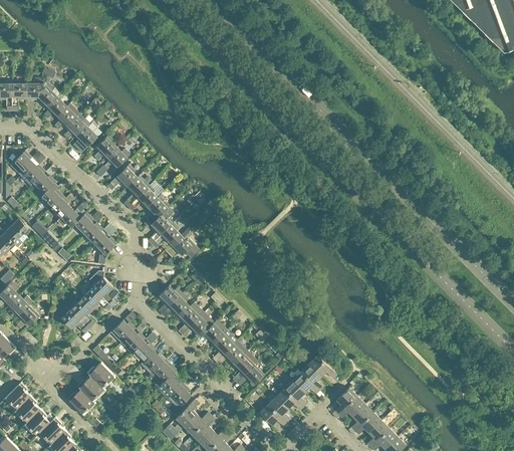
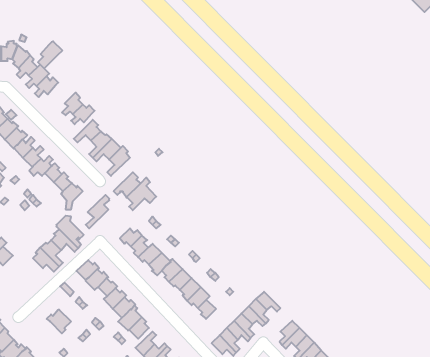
building: [74,122,101,152] -> [38,41,62,69]
building: [147,206,173,243] -> [86,195,109,228]
building: [86,362,114,388] -> none
building: [66,388,94,415] -> none

